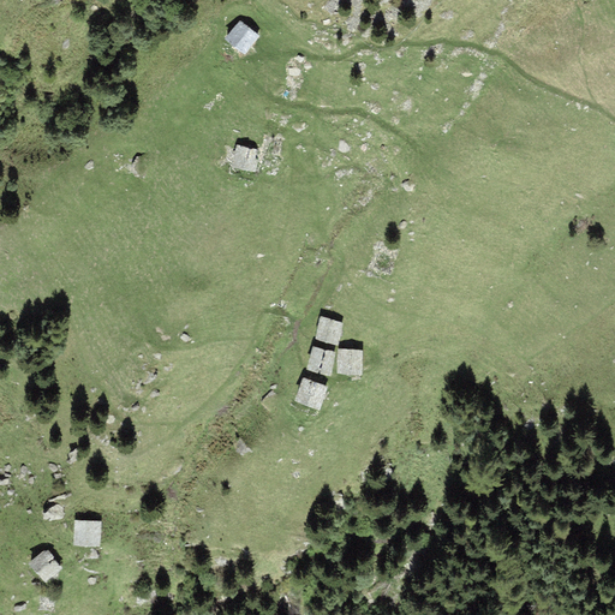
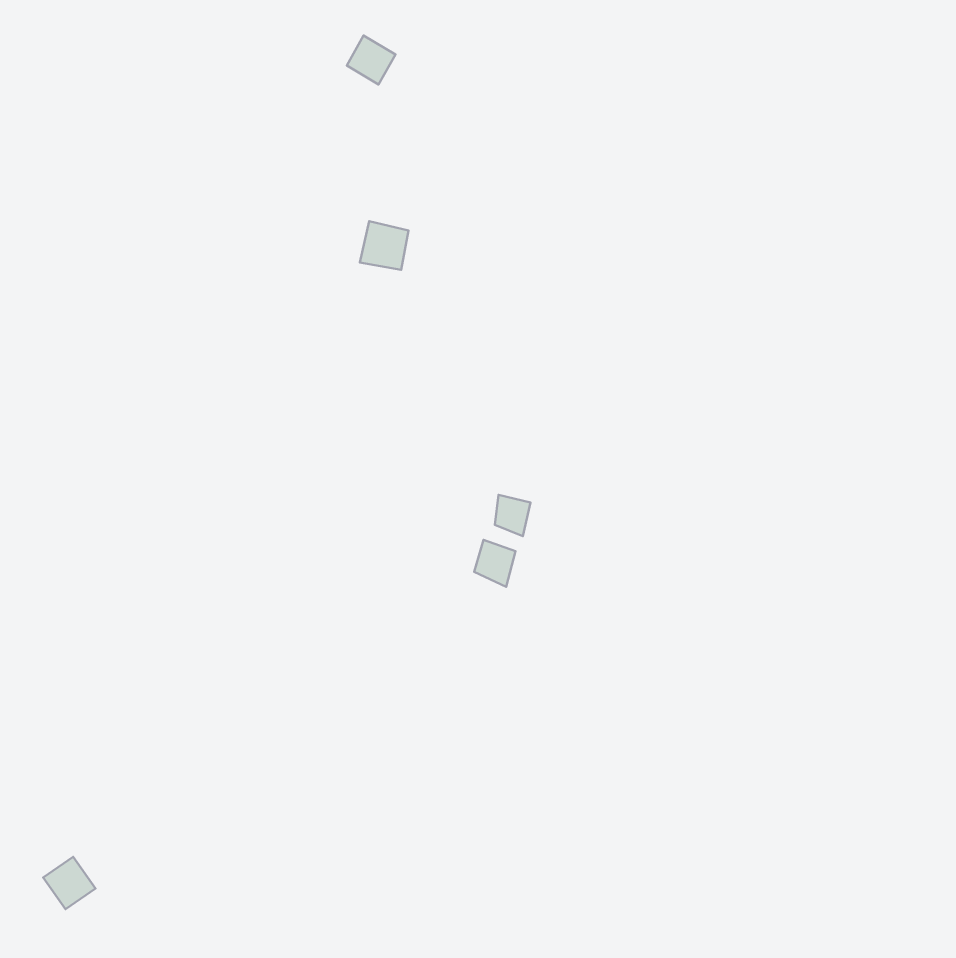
building: [336,347,360,376] -> none
building: [294,378,327,410] -> none
building: [73,520,101,547] -> none

